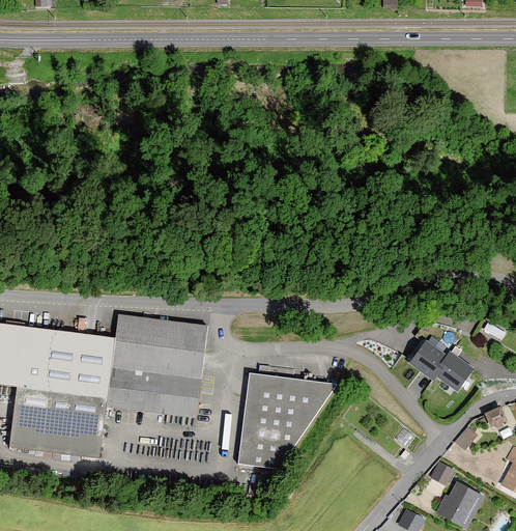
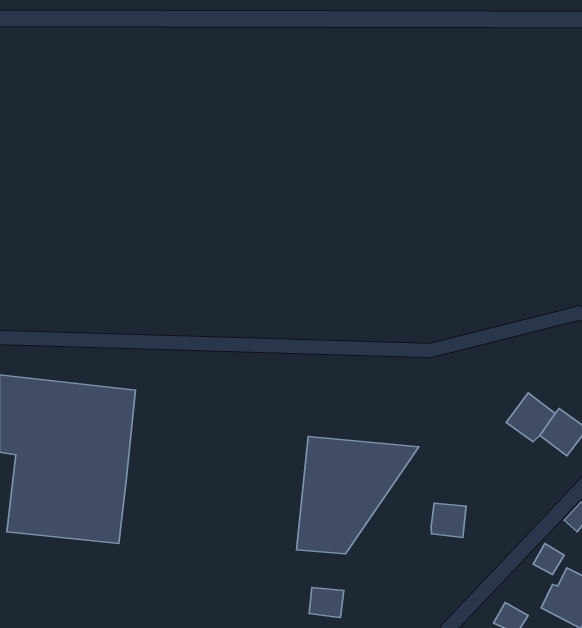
building: [103,314,205,417] -> none
building: none -> [431,503,466,538]
building: none -> [309,587,344,618]

